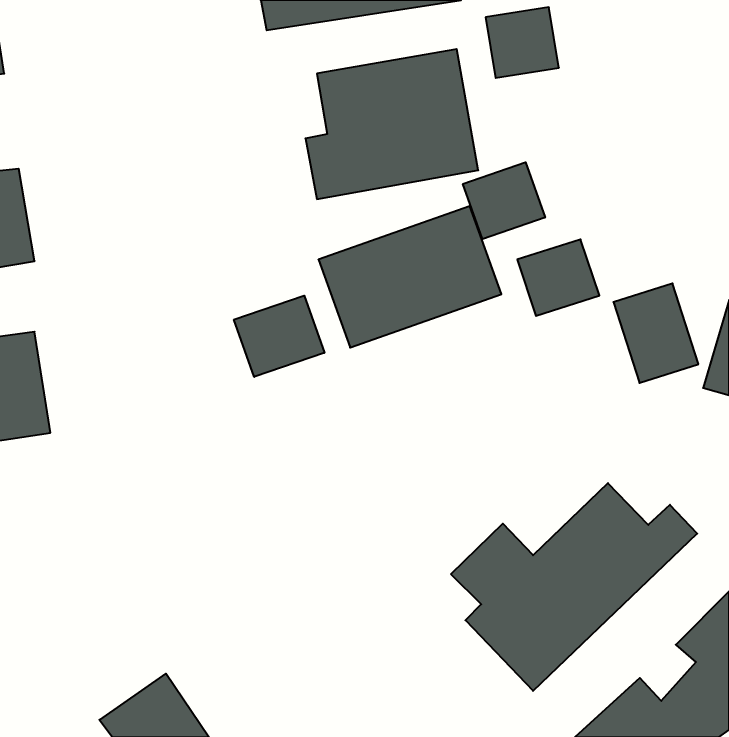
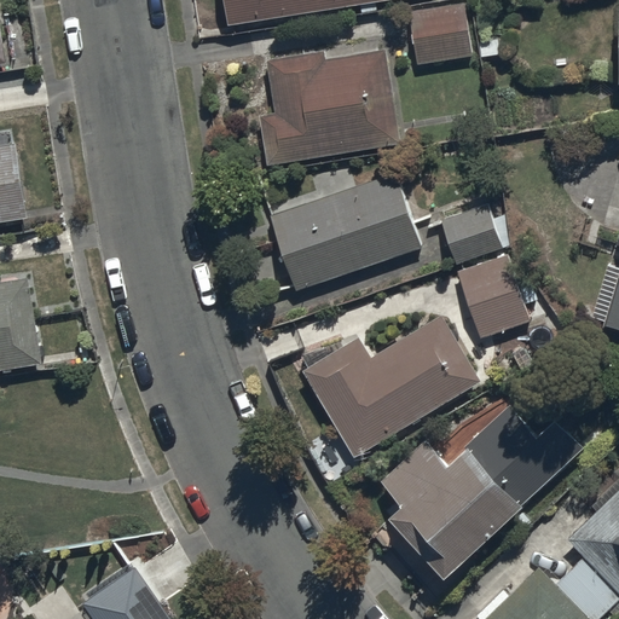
building: [463,162,545,239] -> none
building: [613,283,698,383] -> [456,255,527,339]
building: [234,296,324,377] -> none
building: none -> [297,316,479,459]

